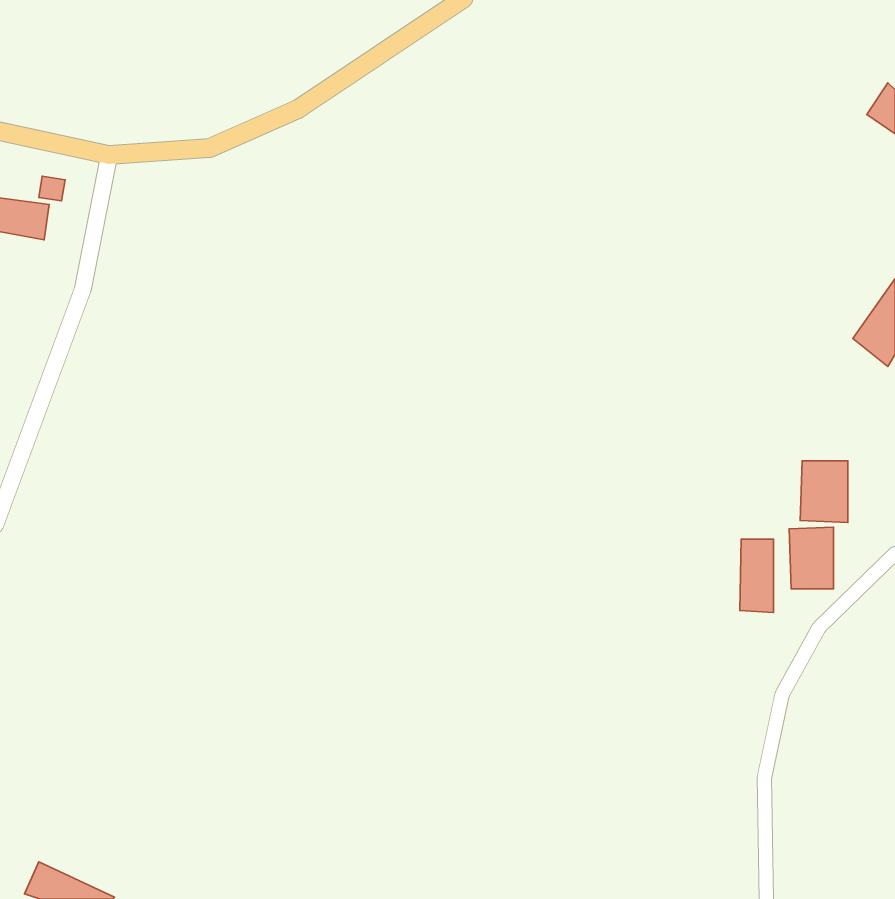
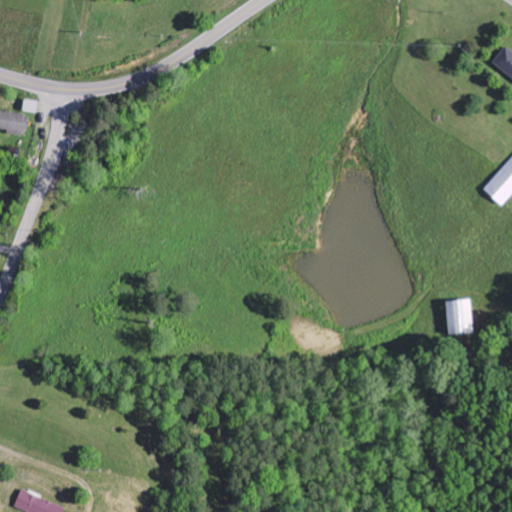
building: [800,461,848,522] -> none
building: [740,539,773,612] -> none

